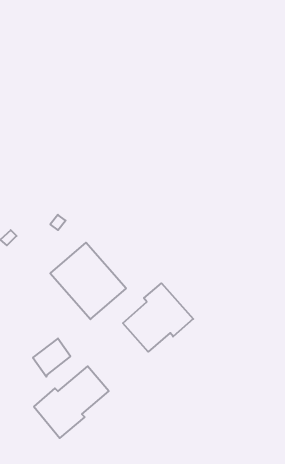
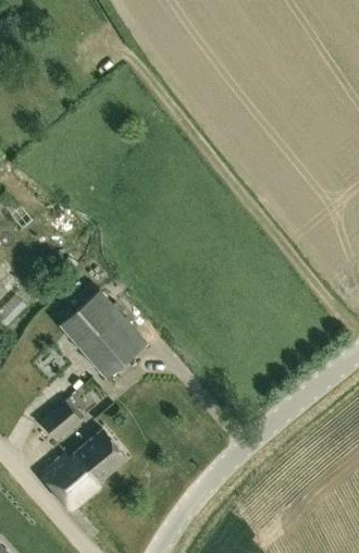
building: [123,283,193,352] -> none

